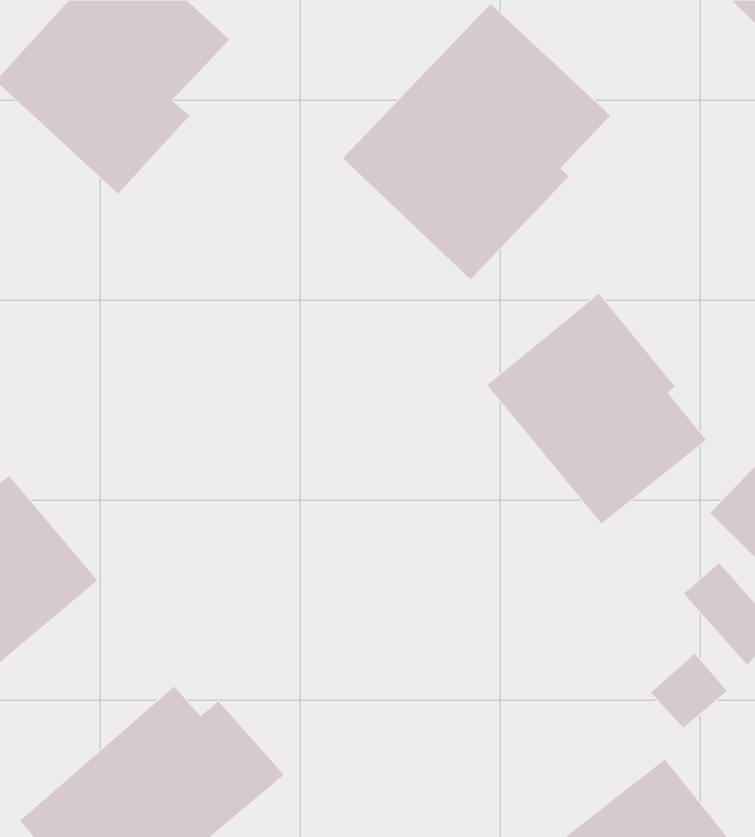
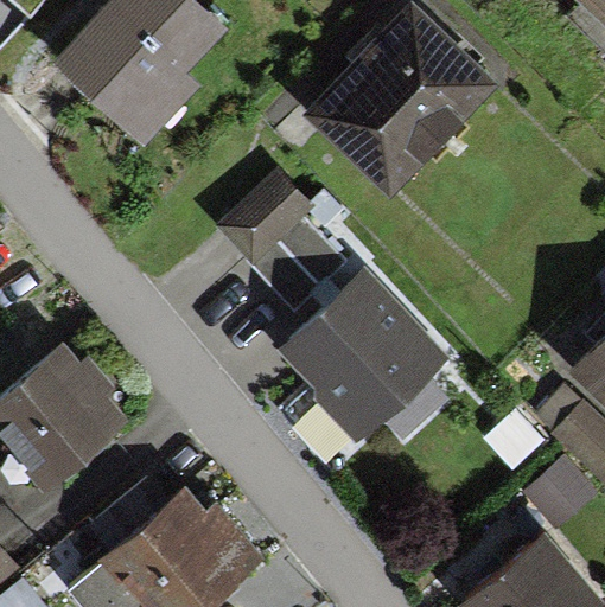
building: none -> [217,191,343,314]
building: [486,293,707,525] -> none
building: none -> [285,285,428,428]

